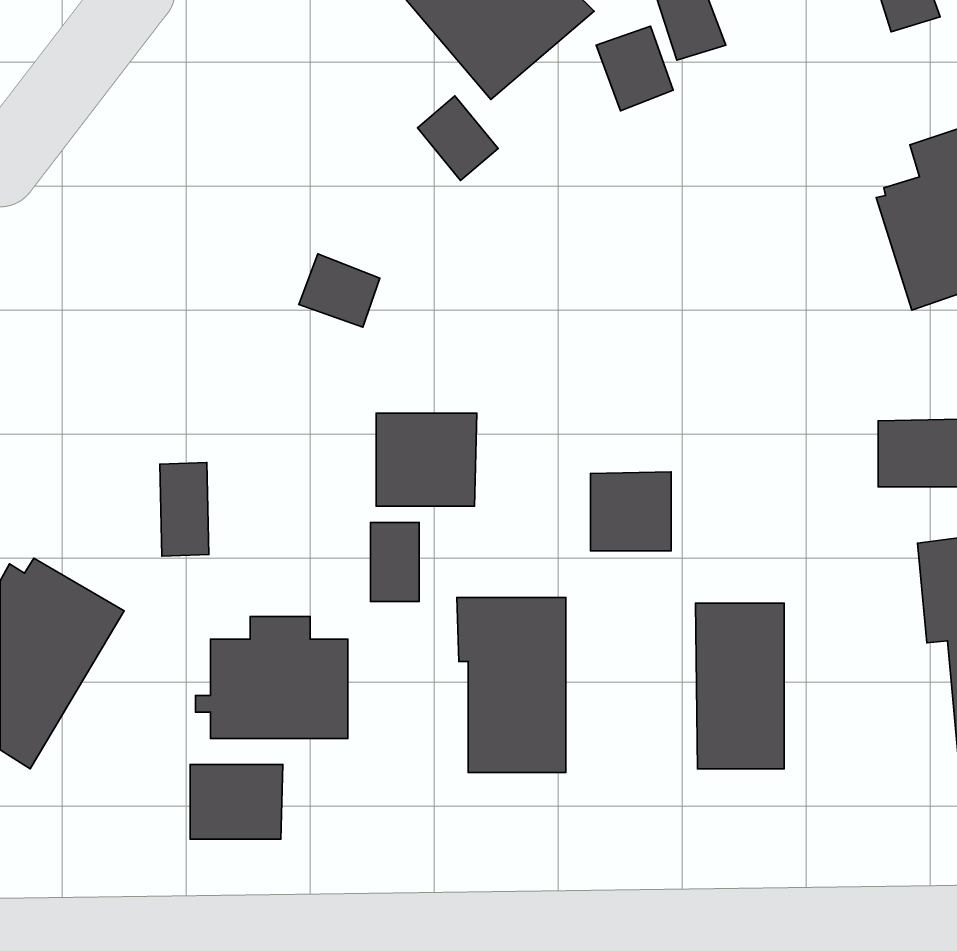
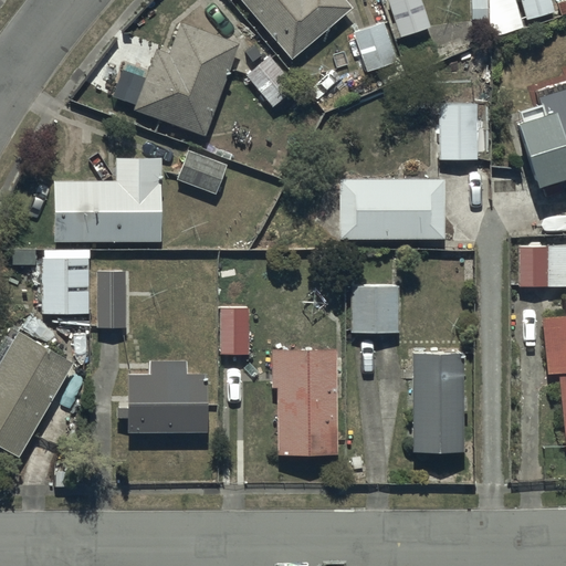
building: none -> [133,22,239,136]
building: none -> [439,105,479,160]
building: none -> [54,161,159,243]
building: none -> [338,180,443,240]
building: [376,413,477,506] -> none
building: none -> [42,258,88,312]
building: [190,765,283,839] -> none

